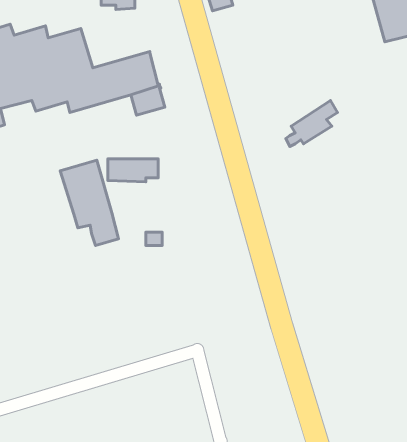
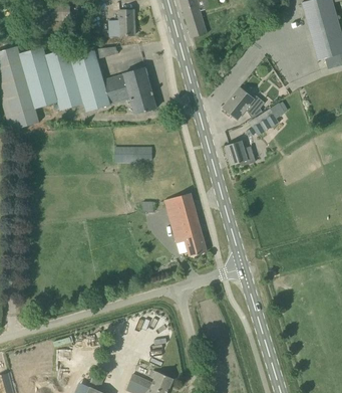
building: none -> [223,86,265,119]
building: none -> [225,140,256,165]
building: [60,160,119,246] -> [163,192,207,255]

